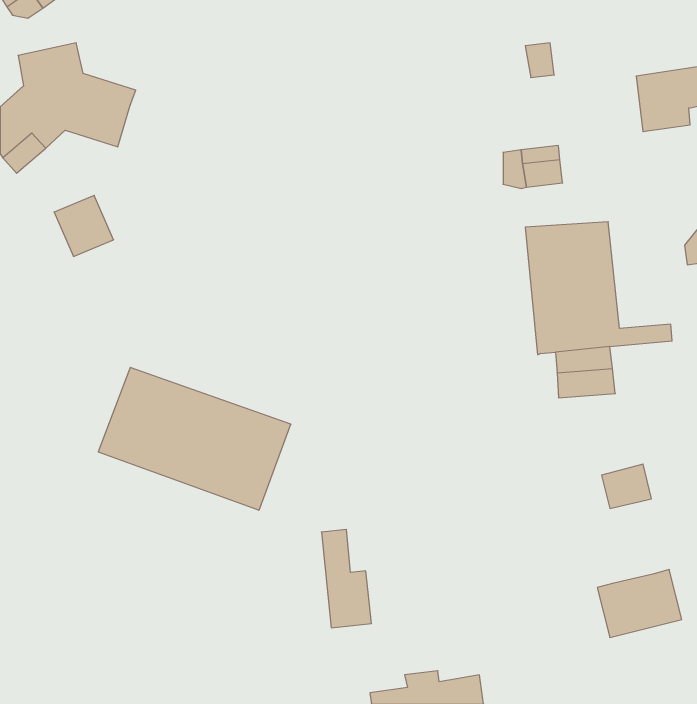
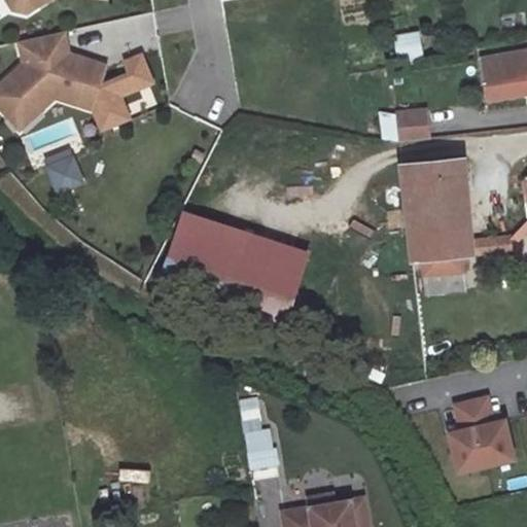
building: none -> [96,52,152,129]
building: [98,367,291,510] -> [165,209,308,315]
building: [602,464,651,508] -> [457,400,494,433]

